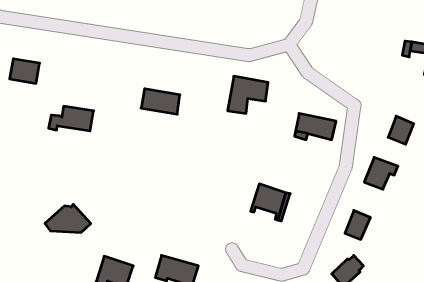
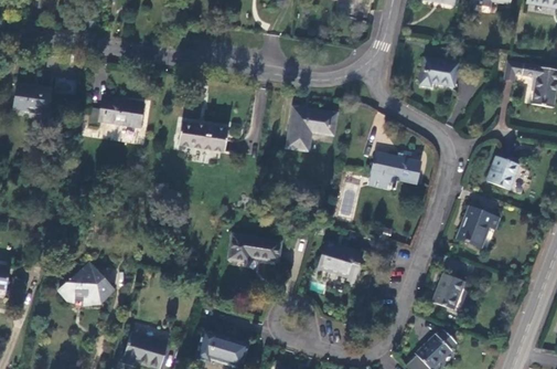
building: none -> [420,57,457,86]
building: [49,106,94,131] -> [87,97,143,128]
building: none -> [227,234,280,263]

